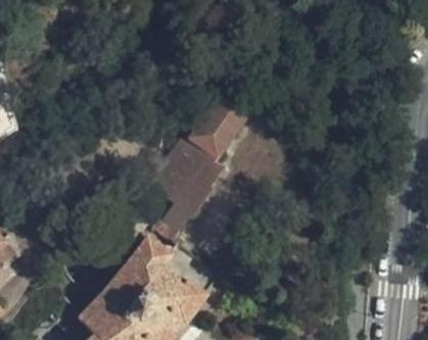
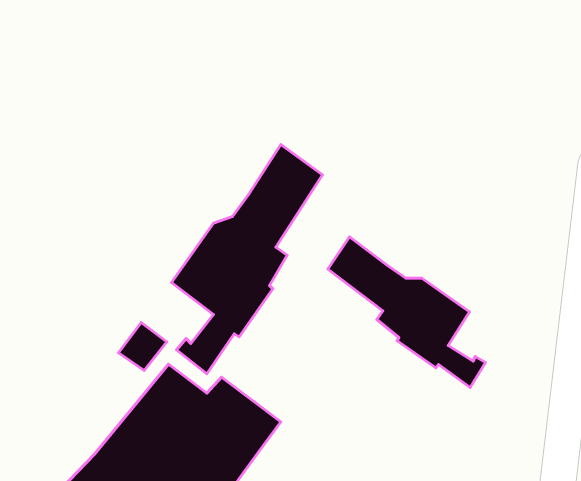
building: none -> [328,237,486,387]

